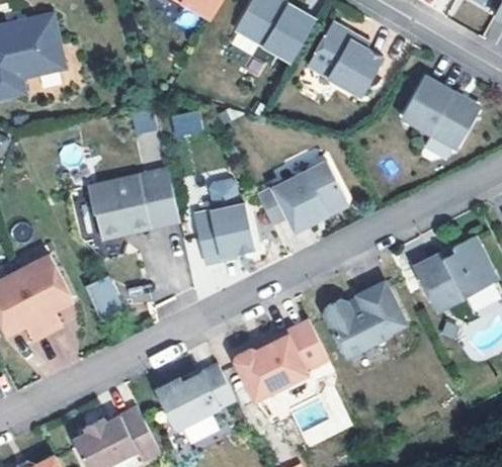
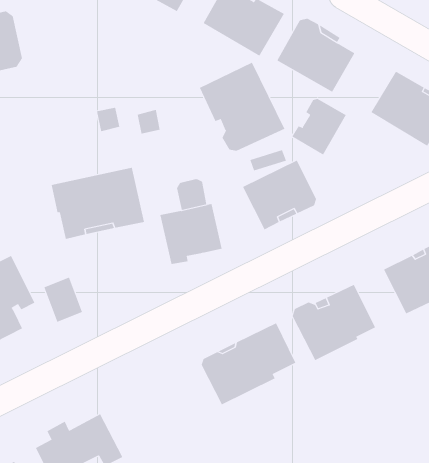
building: none -> [199,62,285,152]
building: none -> [291,98,346,155]
building: [156,366,235,429] -> none

